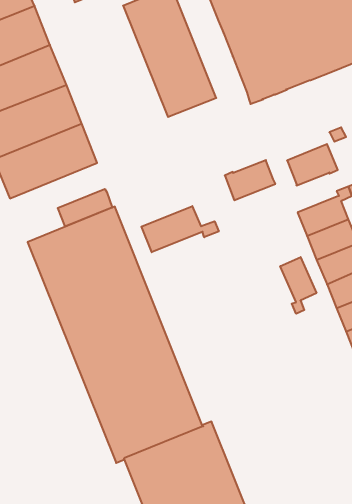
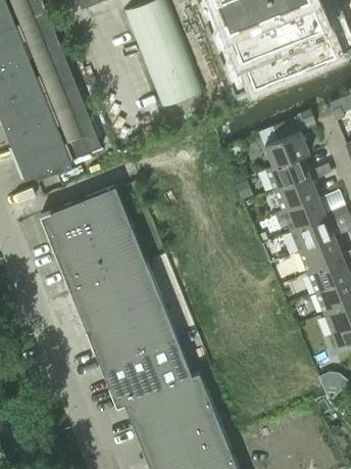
building: [225,160,275,200] -> [265,155,309,190]
building: [58,189,112,227] -> none
building: [141,206,219,252] -> none
building: [280,257,316,314] -> none

